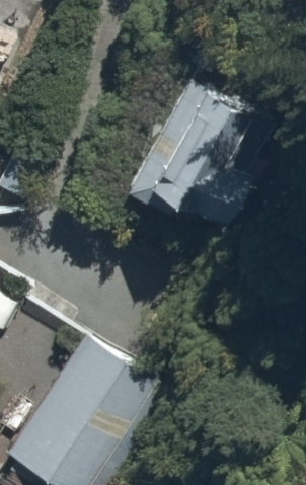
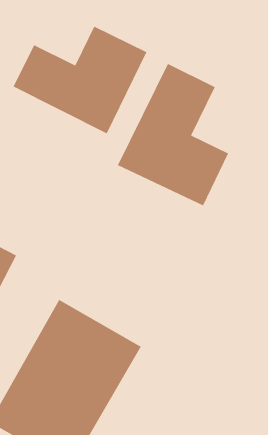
building: none -> [12,26,148,134]

